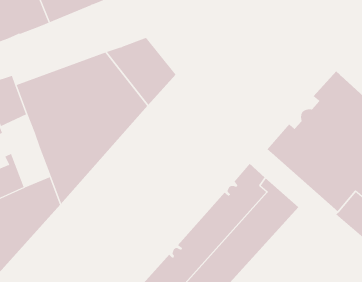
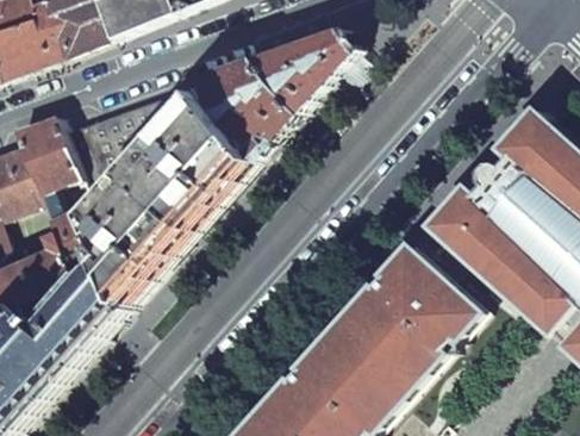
building: none -> [250,27,354,114]
building: none -> [45,201,107,281]

